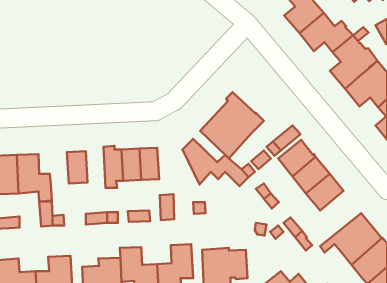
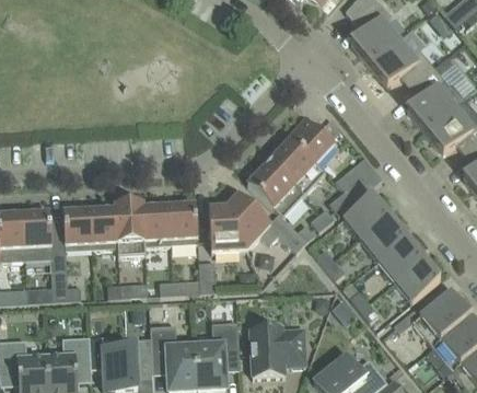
building: none -> [287,116,334,162]
building: none -> [107,203,131,254]
building: none -> [208,206,246,251]
building: none -> [62,209,86,248]
building: none -> [394,256,440,301]

